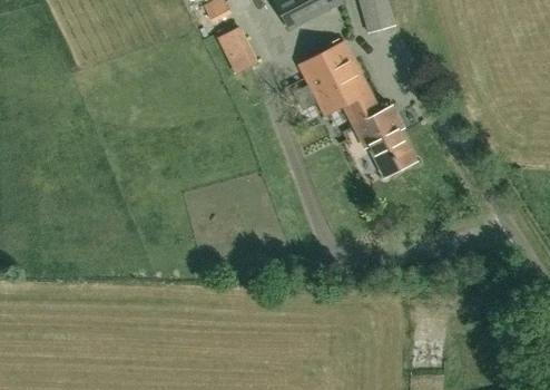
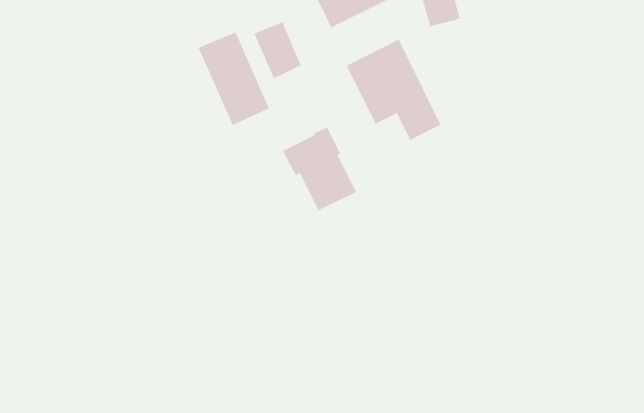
building: none -> [198,32,270,126]
building: [352,105,414,175] -> [282,127,357,211]

